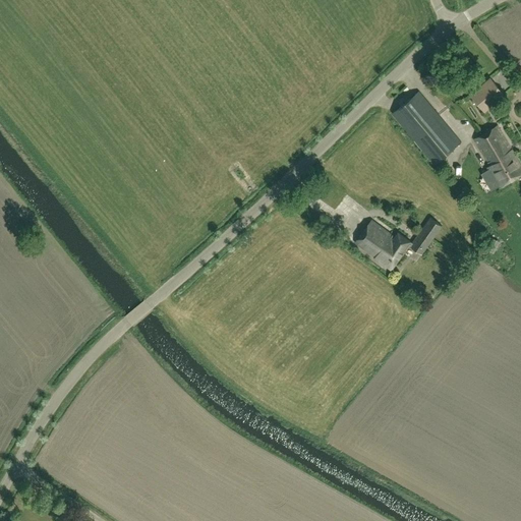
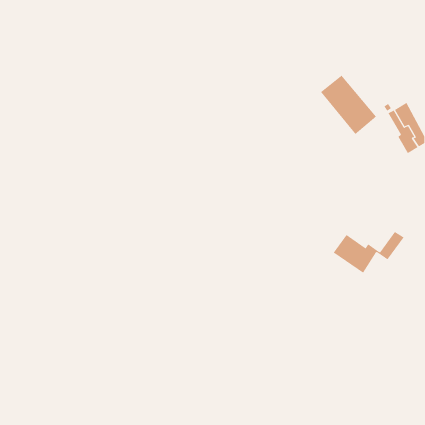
building: [471,78,504,111] -> none
building: [355,218,443,270] -> [333,231,404,273]

